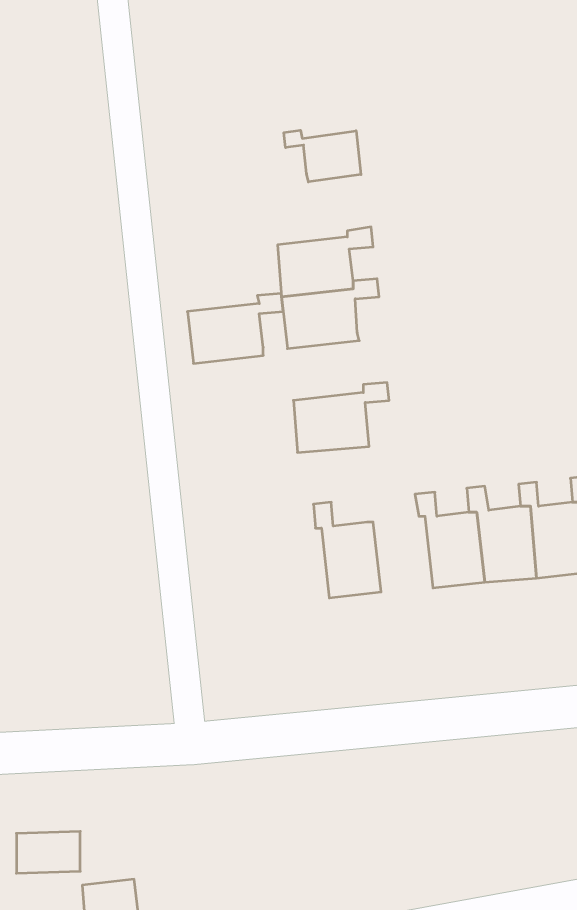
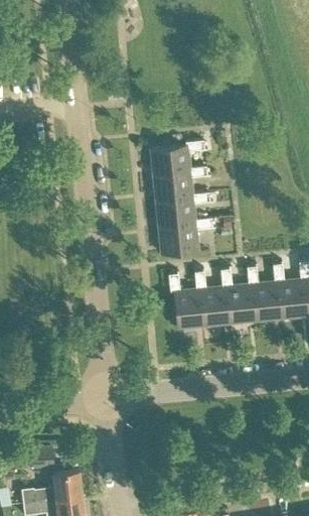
building: [284,130,361,182] -> none
building: [187,294,283,363] -> [157,195,205,230]
building: none -> [195,278,230,327]

